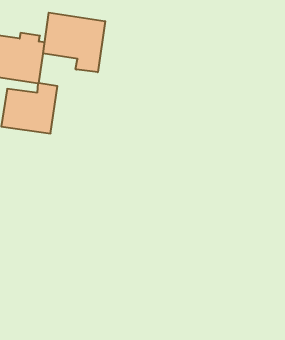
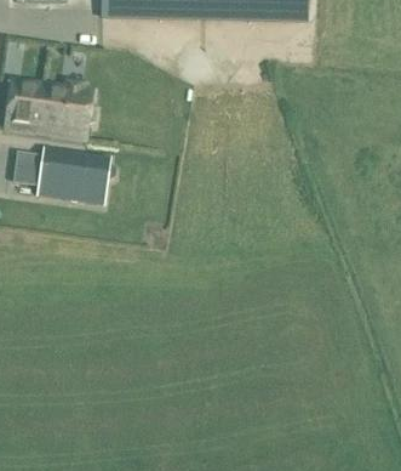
building: [43,13,105,72] -> none

